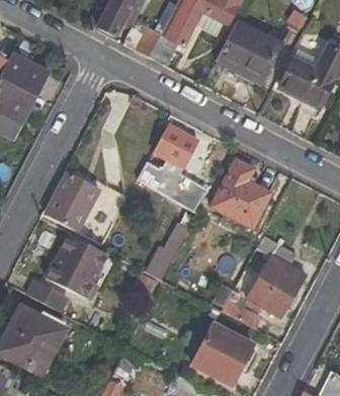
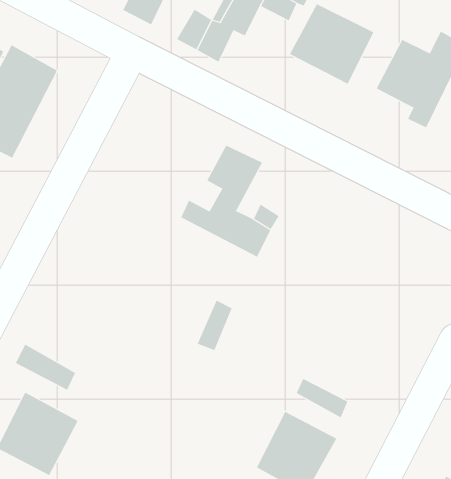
building: [212,160,270,227] -> none
building: [46,171,100,231] -> none
building: [247,234,306,319] -> none
building: [49,239,107,297] -> none

